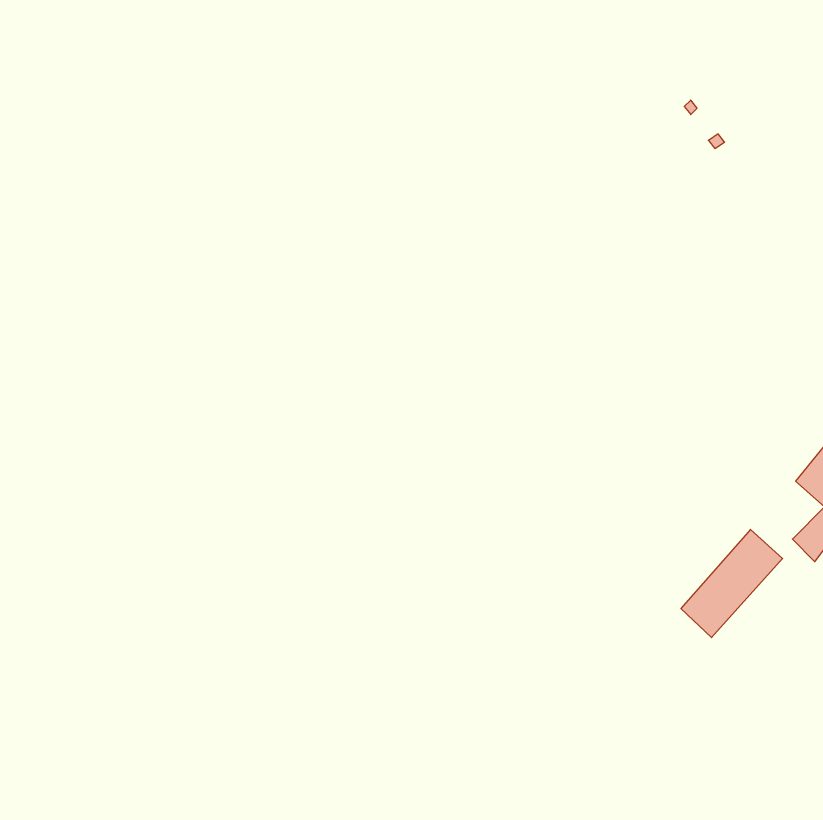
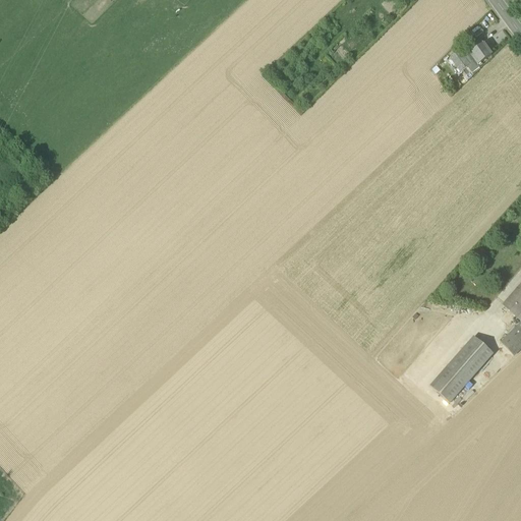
building: none -> [451,42,493,69]

